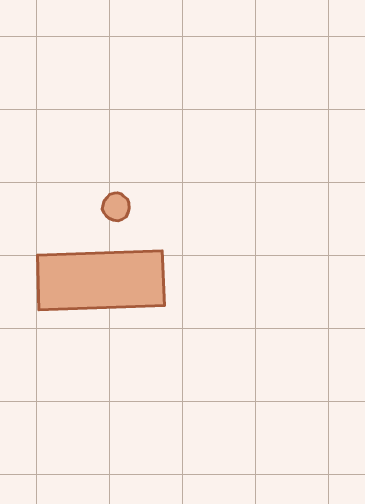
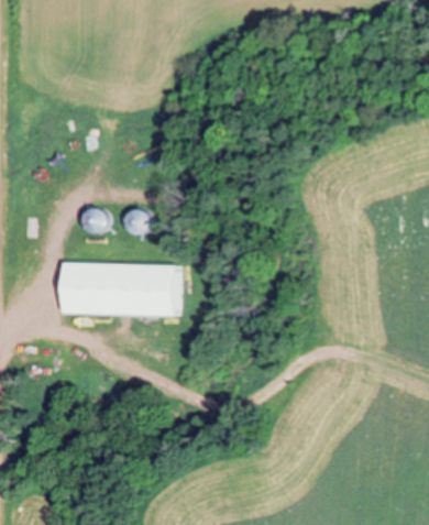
building: none -> [83,207,108,232]

